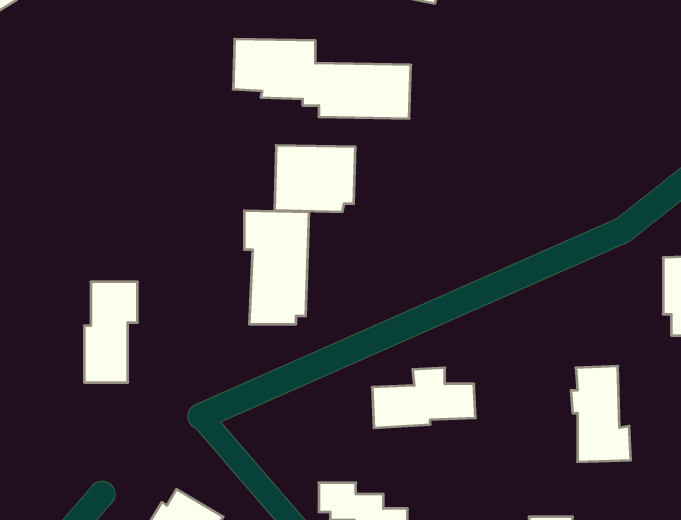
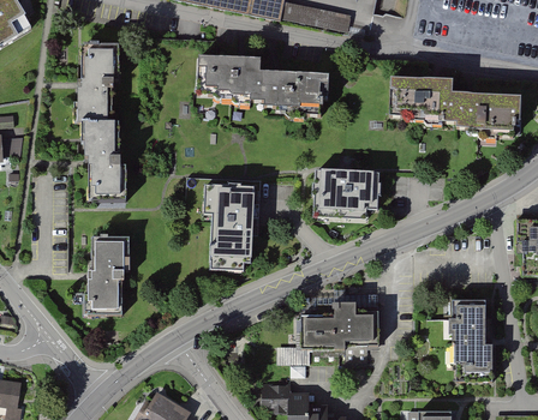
building: none -> [77,48,121,192]
building: none -> [391,82,522,130]
building: [275,145,355,212] -> [316,168,376,217]
building: none -> [279,346,309,374]

